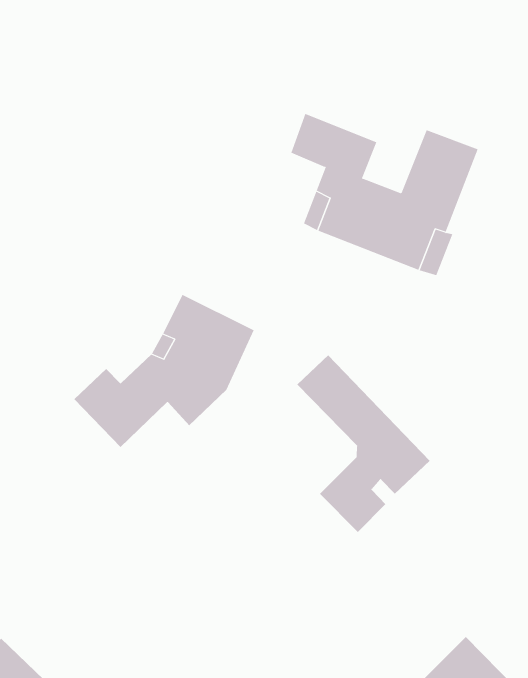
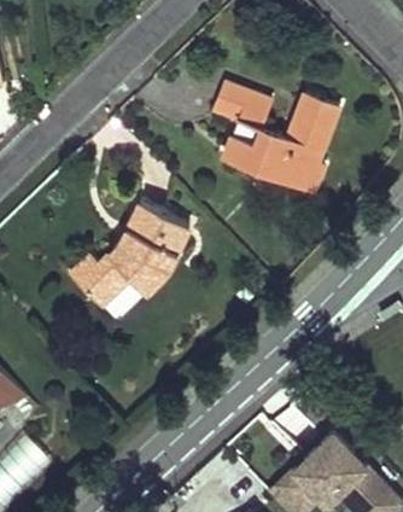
building: [297,355,430,533] -> none

